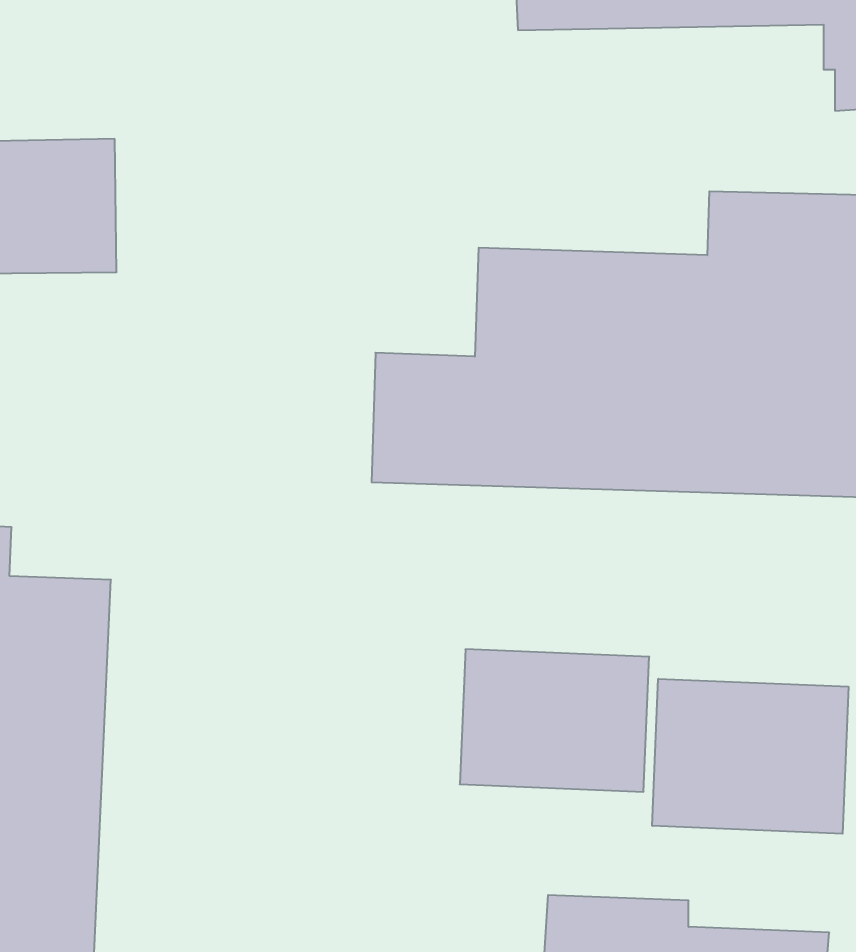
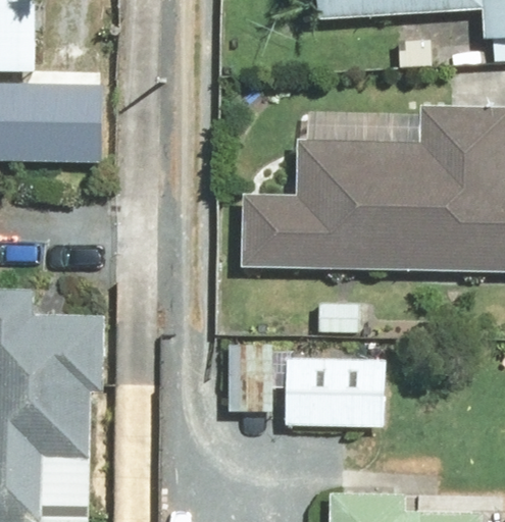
building: [652,679,848,834] -> none

